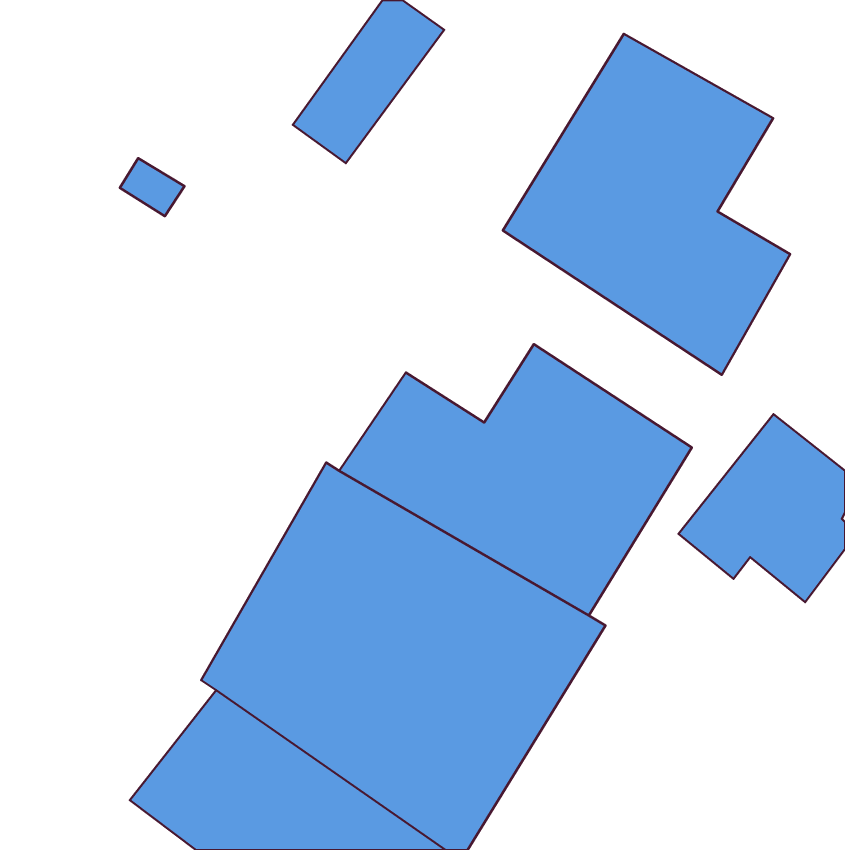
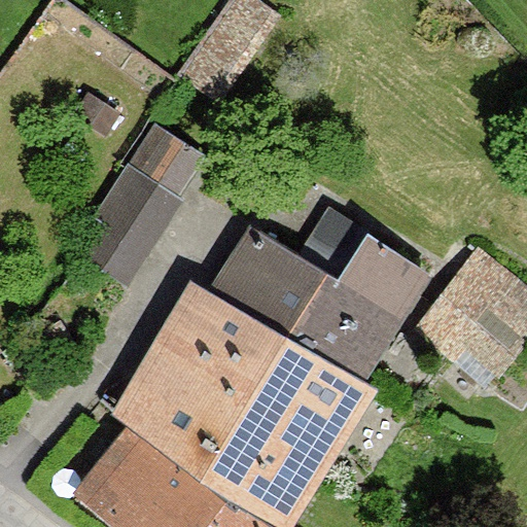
building: [503,34,790,375] -> none
building: none -> [81,121,198,279]

